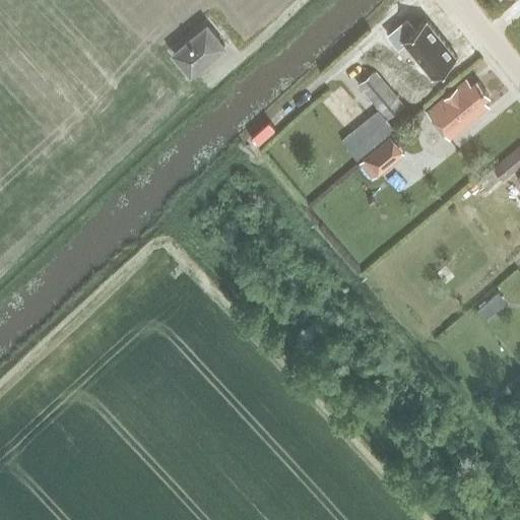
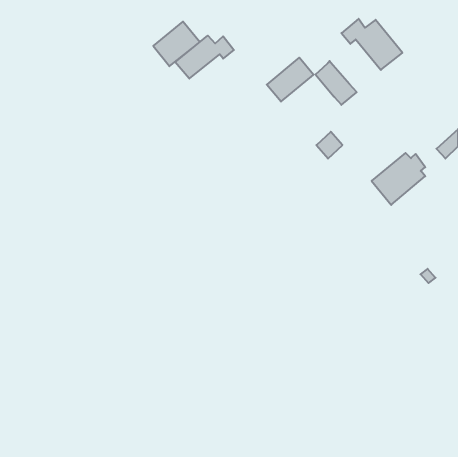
building: none -> [175,36,234,79]
building: [428,81,489,140] -> [372,153,425,205]
building: [341,111,394,160] -> [267,58,313,102]

